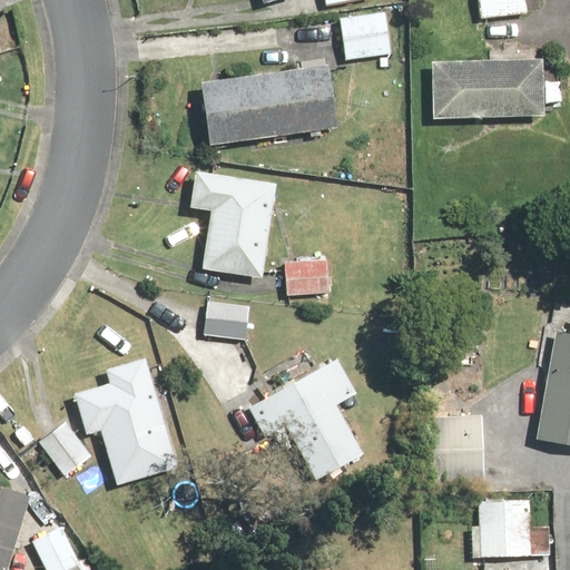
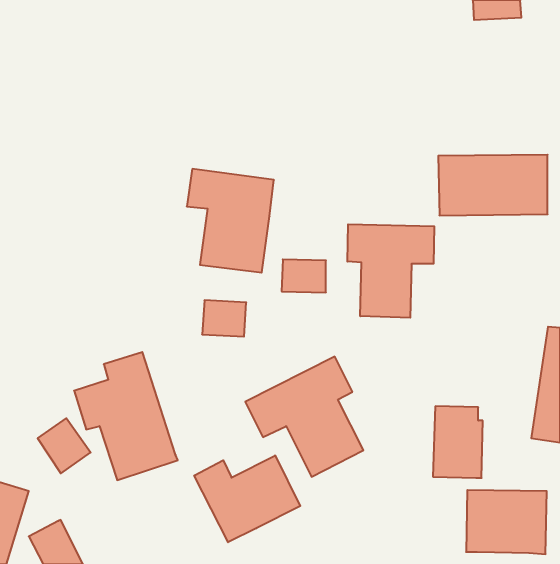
building: [338,13,391,58] -> none
building: [197,56,340,147] -> none
building: [431,59,541,120] -> [438,155,548,215]
building: none -> [347,224,434,318]
building: none -> [194,455,300,542]

